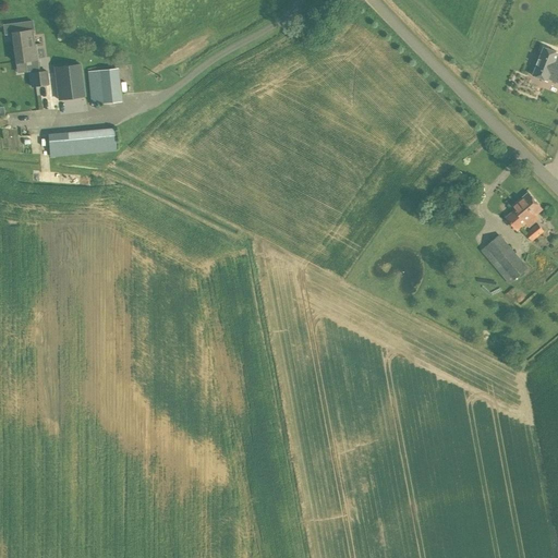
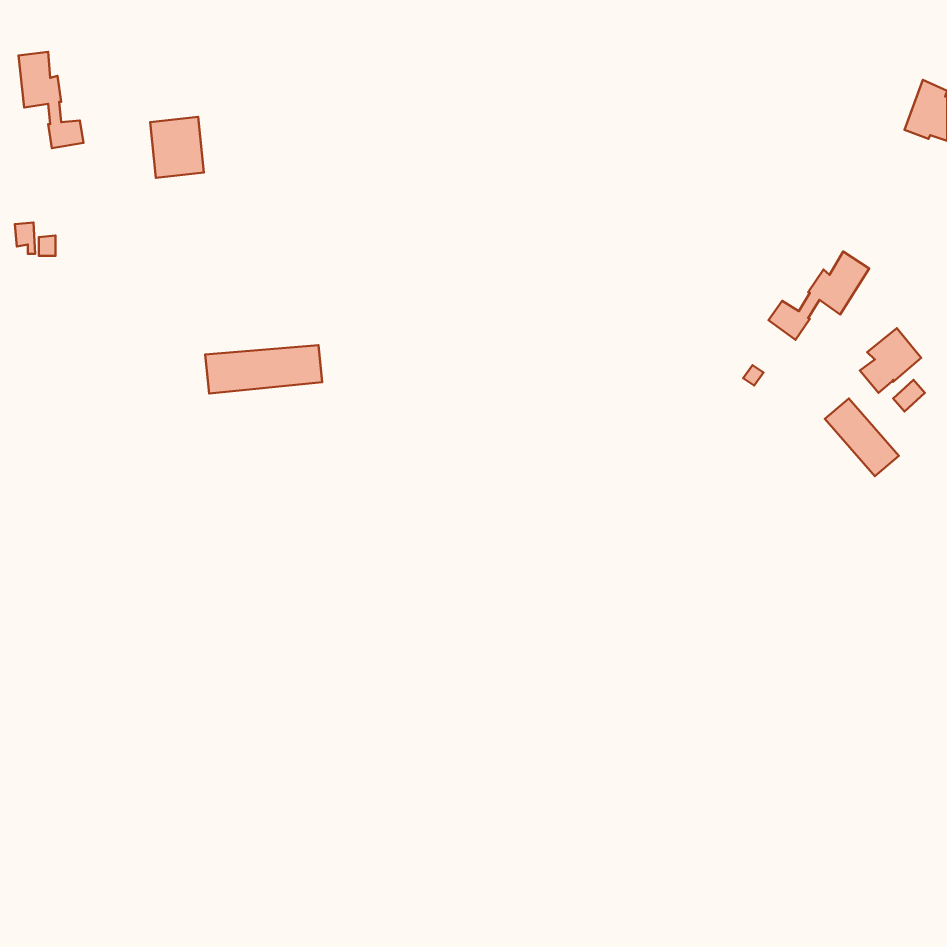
building: [54,64,85,99] -> none
building: [47,129,116,157] -> [205,345,322,393]
building: none -> [769,251,869,340]

